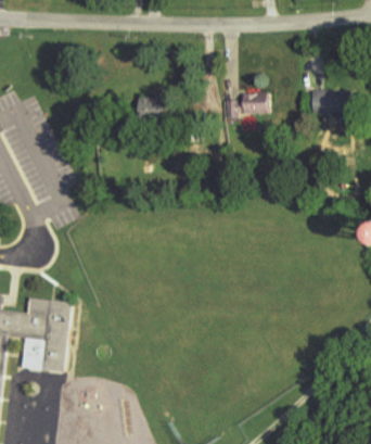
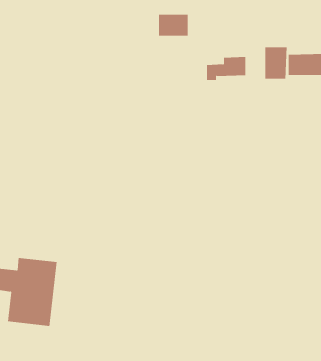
building: none -> [265,47,287,79]
building: [137,96,168,118] -> [158,14,189,36]

